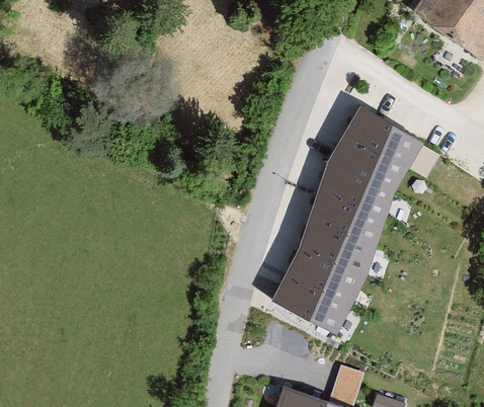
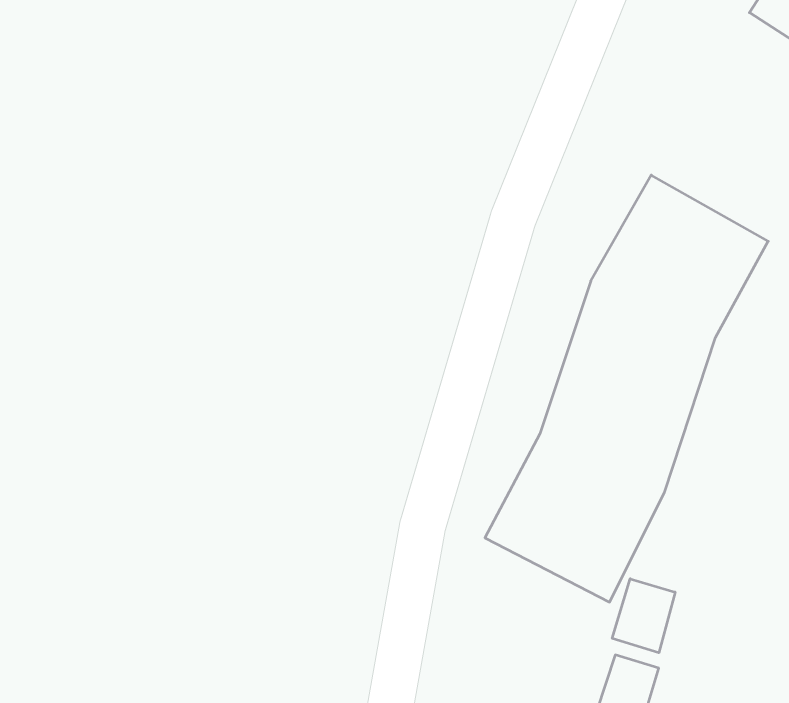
building: none -> [612,579,675,653]

